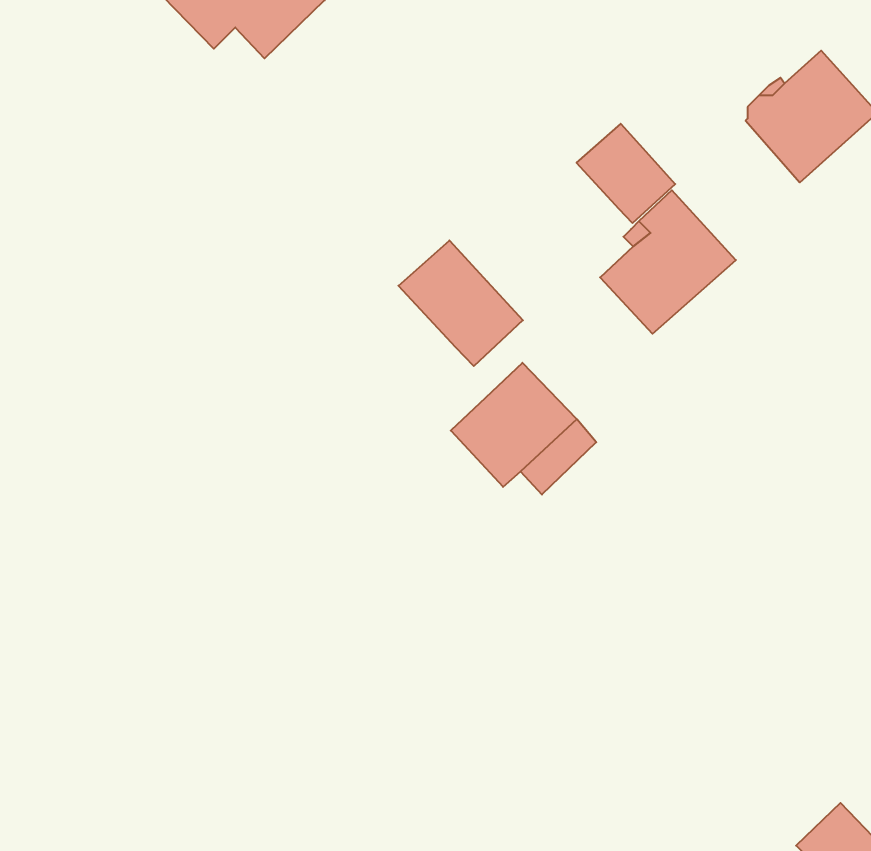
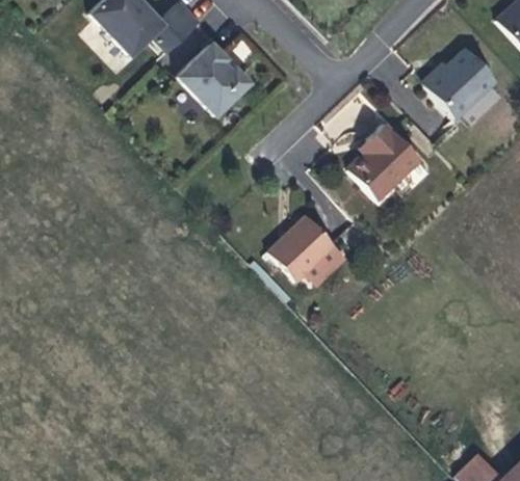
building: none -> [178,44,250,115]
building: [577,124,675,223] -> none
building: [398,240,523,366] -> none

